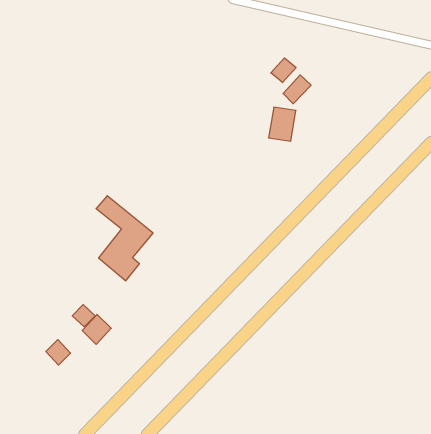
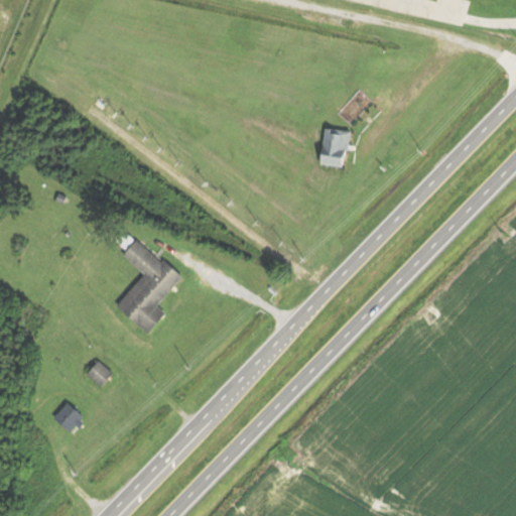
building: [271,58,296,83] -> none
building: [82,314,111,344] -> none

